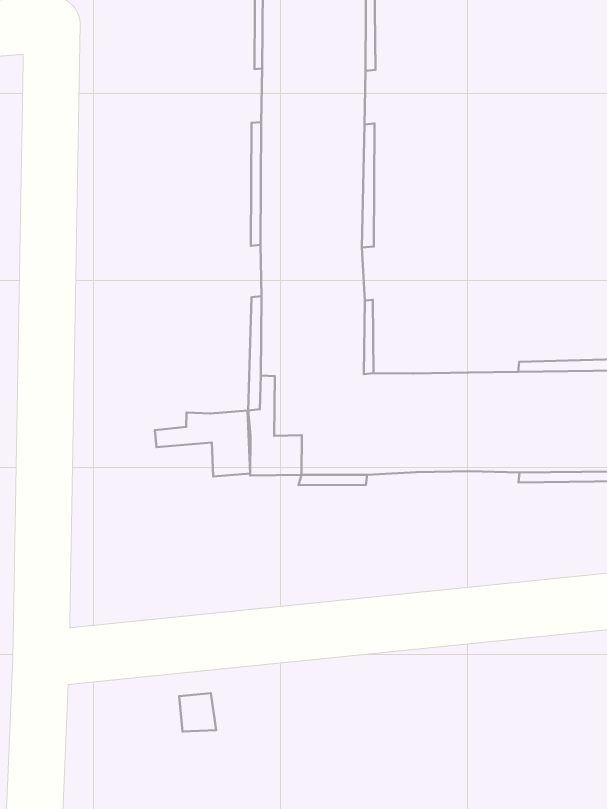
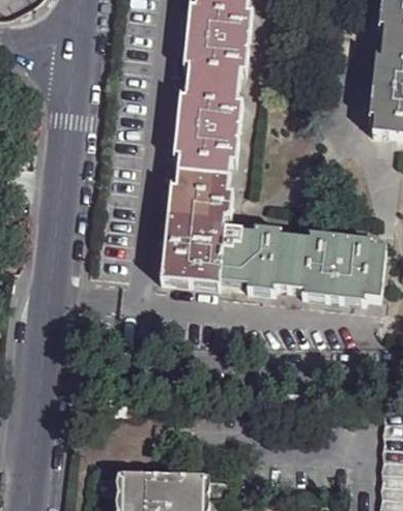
building: [155,410,250,477] -> none

